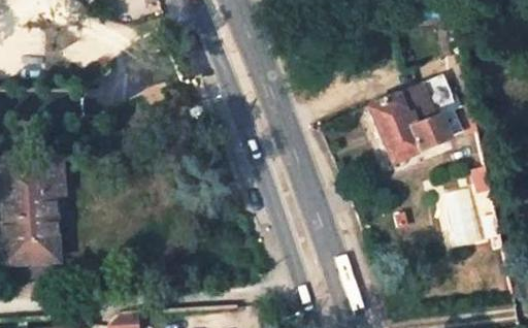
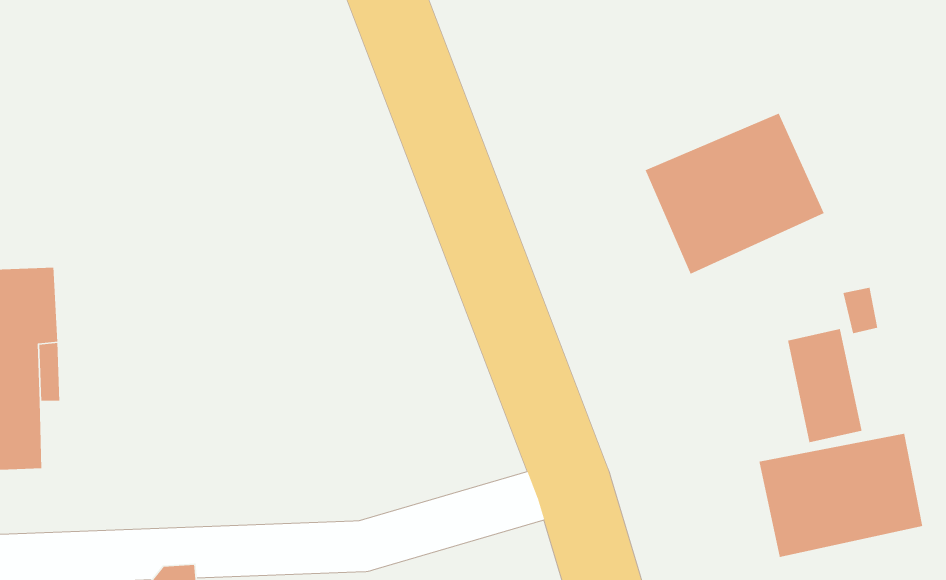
building: none -> [759,433,923,558]

